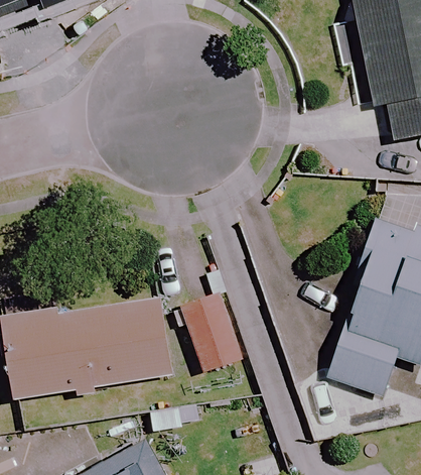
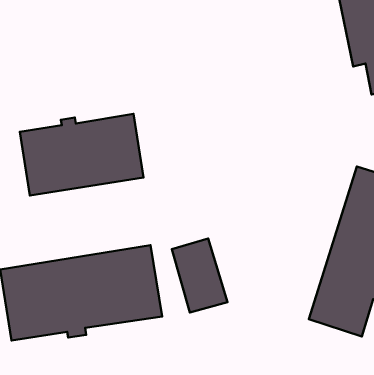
building: none -> [20,114,143,196]

